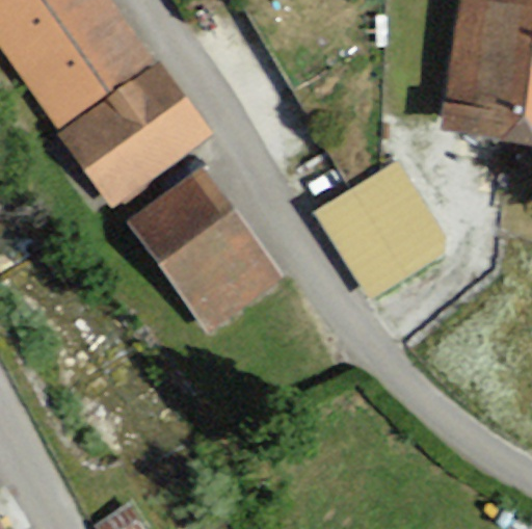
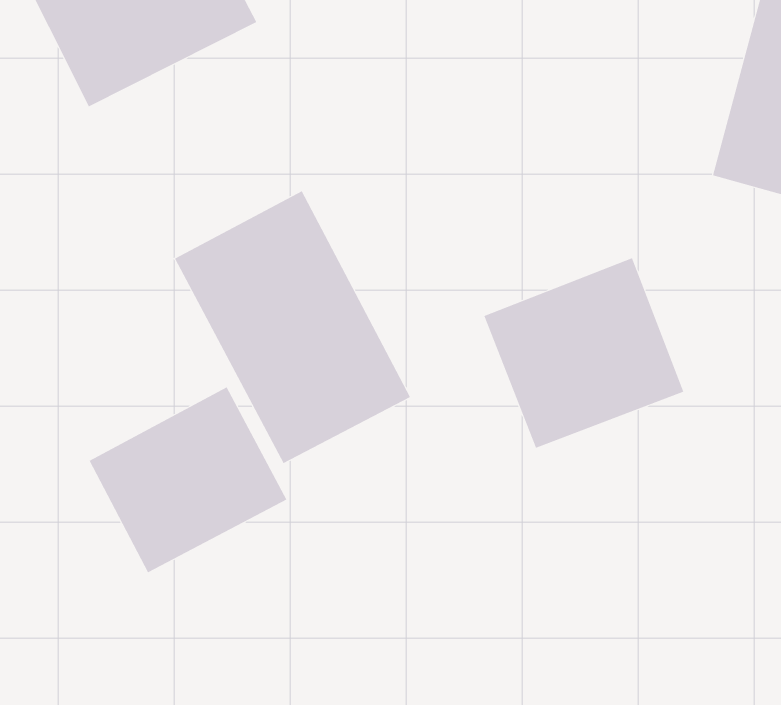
building: [64,67,208,203] -> none
building: none -> [89,387,287,573]

